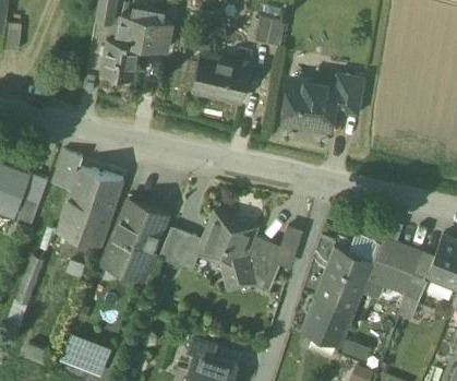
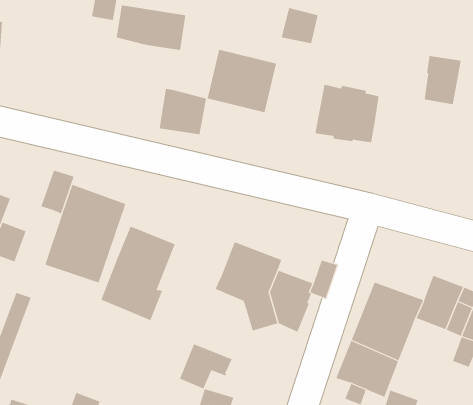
building: [100,38,141,78] -> [159,88,207,135]
building: [334,74,365,116] -> [424,55,461,105]
building: [159,227,204,265] -> [179,344,232,389]

